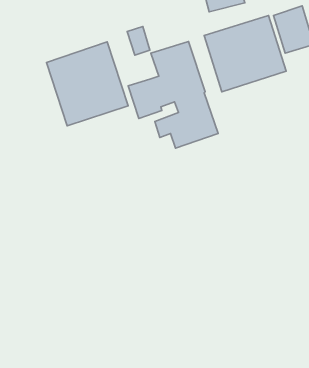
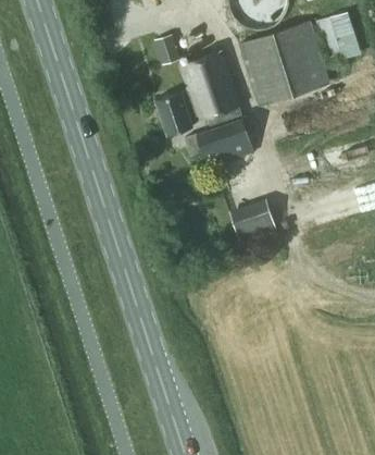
building: [47,42,128,126] -> none
building: none -> [237,195,285,239]

